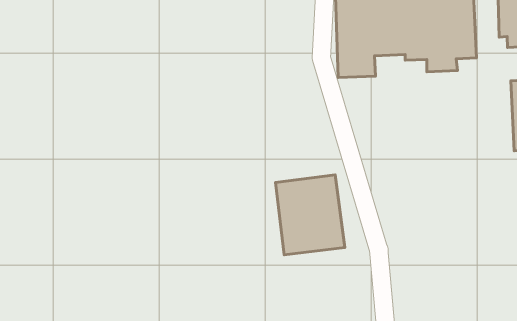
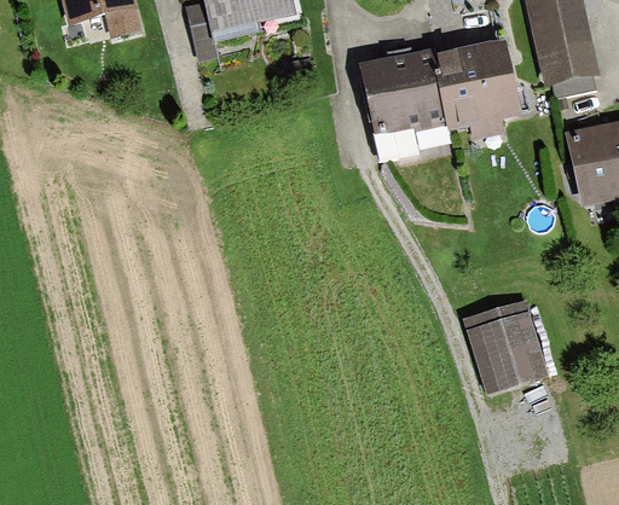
building: [275,175,345,255] -> [463,298,550,394]

